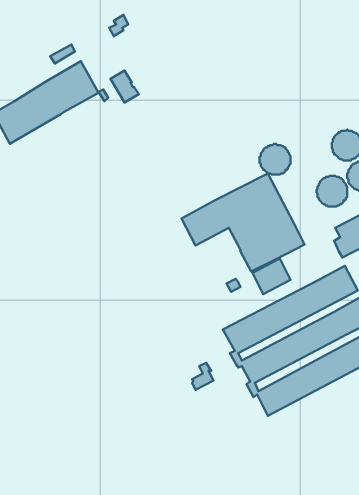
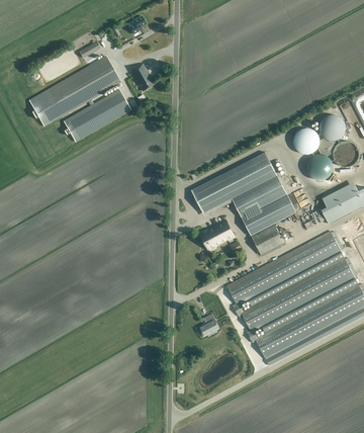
building: none -> [64,90,130,142]
building: [260,144,290,175] -> [293,127,320,154]
building: none -> [199,220,235,251]

